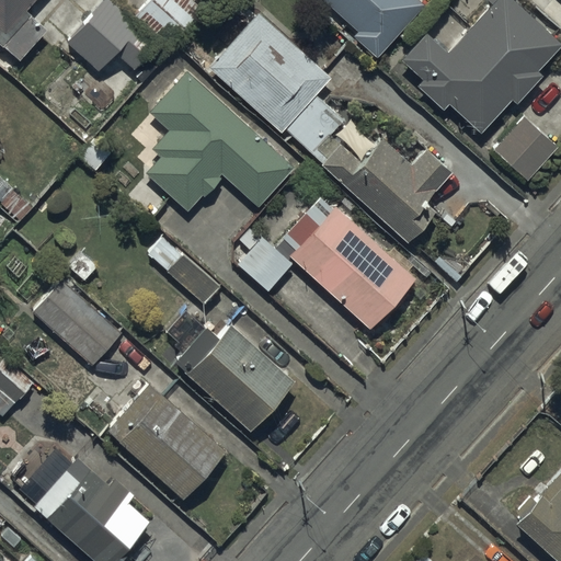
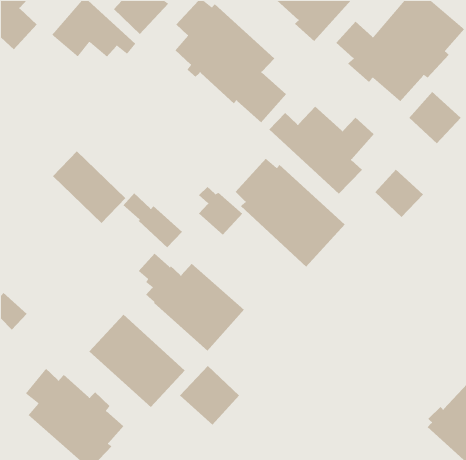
building: [146,73,295,213] -> none
building: none -> [375,169,424,218]
building: [32,280,121,368] -> [52,151,126,224]
building: none -> [179,365,240,426]

